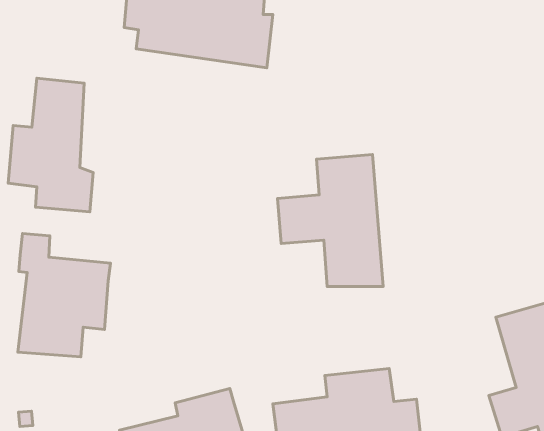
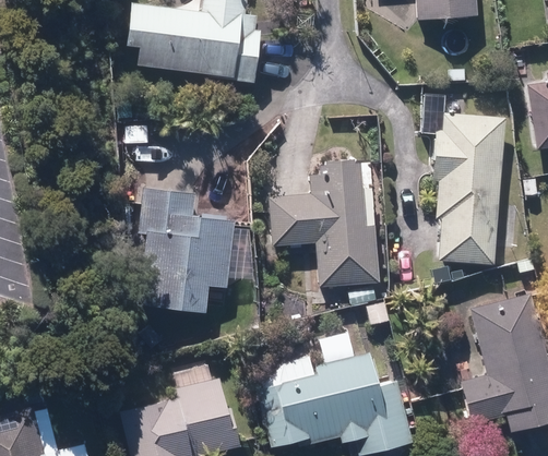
building: [8,78,93,212] -> none
building: none -> [434,113,499,262]
building: [18,233,110,357] -> [141,196,226,310]

